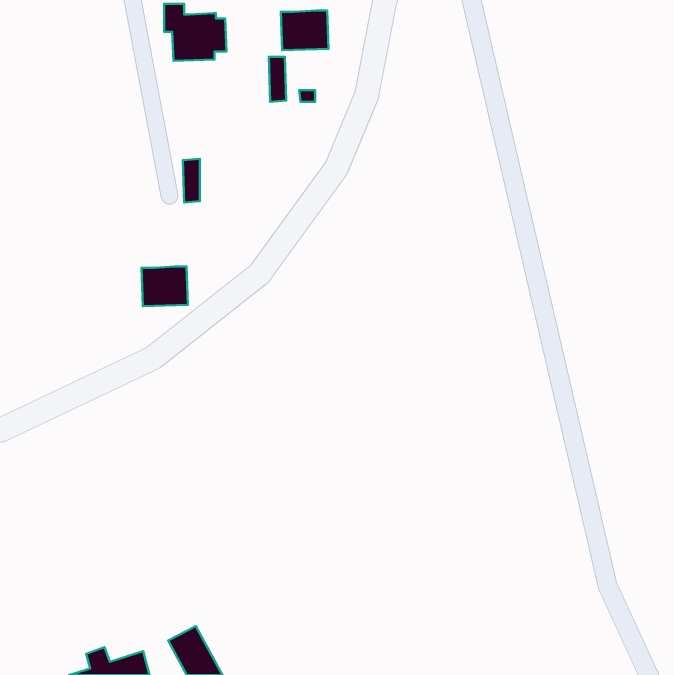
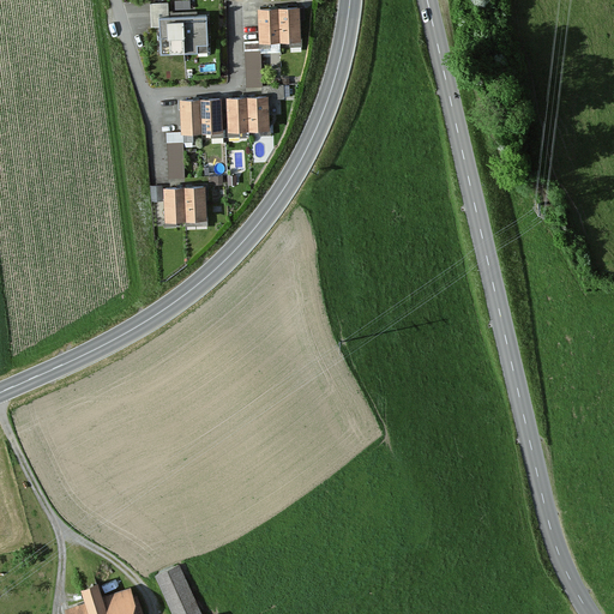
building: none -> [225,98,269,137]
building: none -> [180,100,221,136]
building: [141,267,188,306] -> [163,188,205,224]

